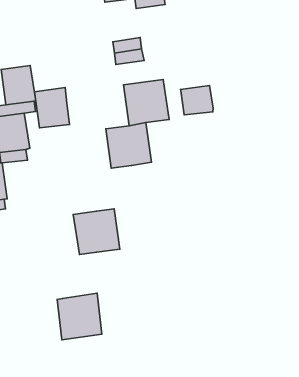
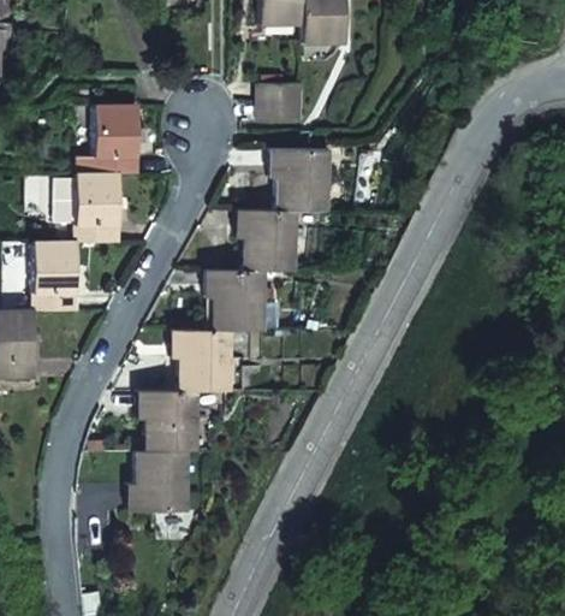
building: [181,86,213,115] -> none
building: [34,88,70,128] -> none
building: none -> [206,271,266,331]
building: none -> [138,391,198,452]

